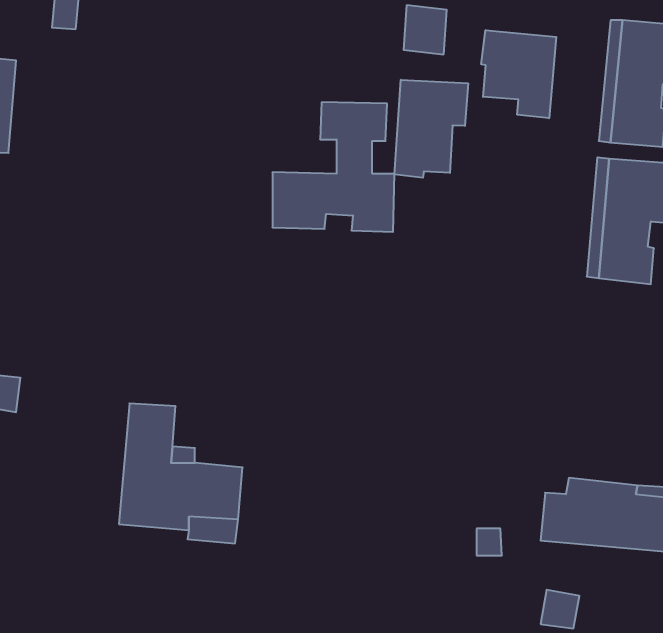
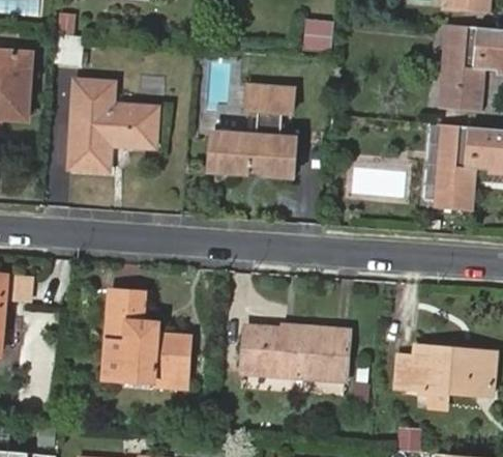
building: [481,30,556,118] -> none
building: [395,80,468,178] -> none
building: none -> [72,82,158,170]
building: none -> [243,325,351,380]

